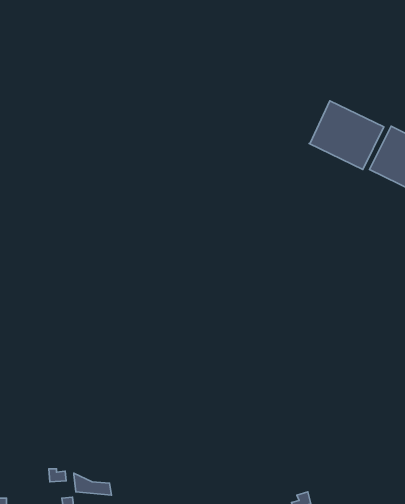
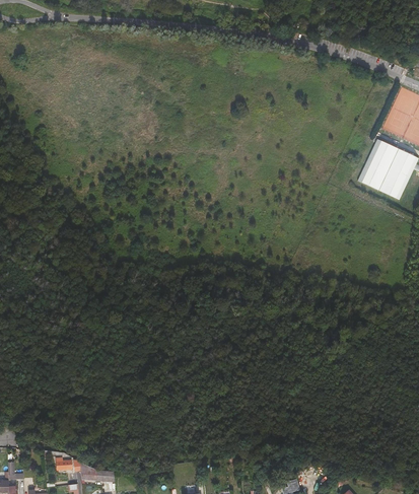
building: [309,101,384,169] -> none

